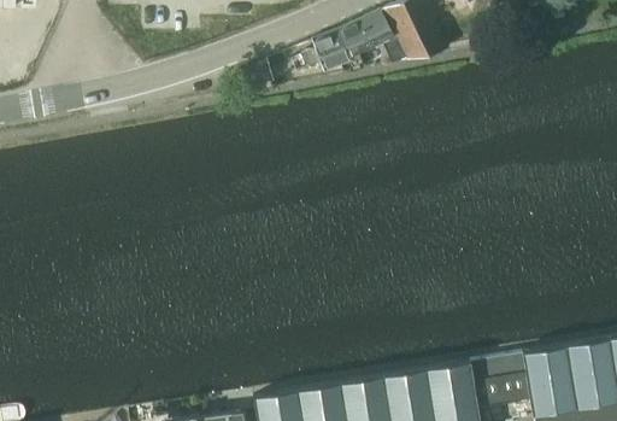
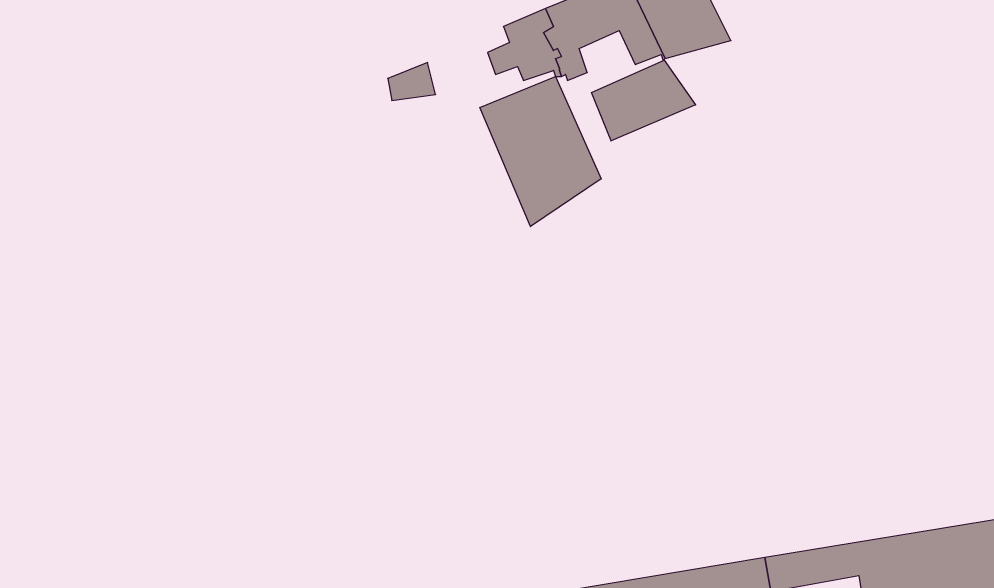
building: none -> [591,60,696,141]
building: none -> [480,76,601,227]

